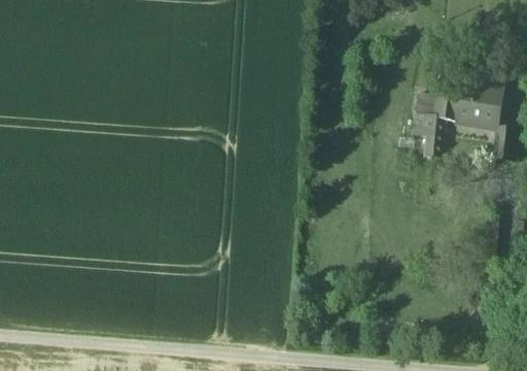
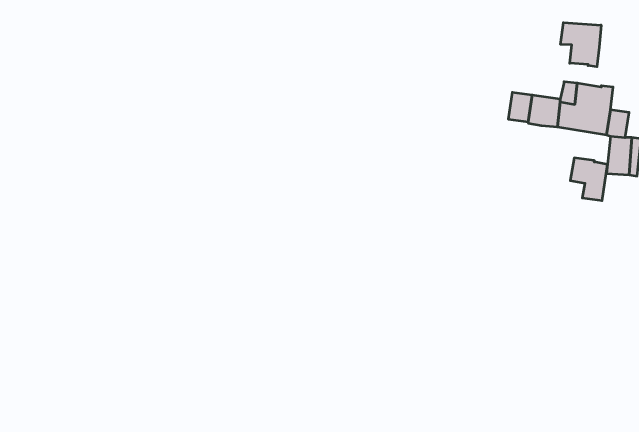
building: none -> [561,23,601,67]
building: [412,116,441,149] -> [570,158,607,201]

